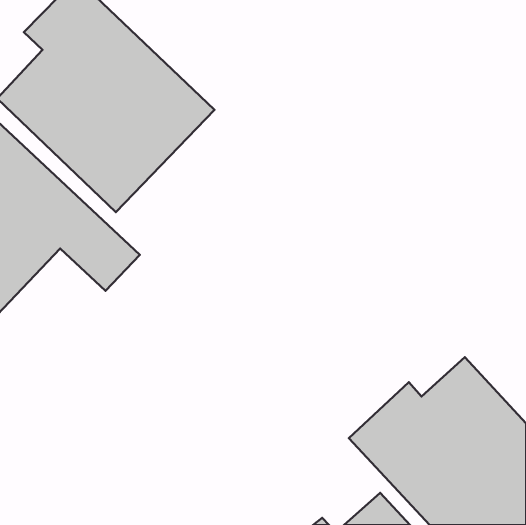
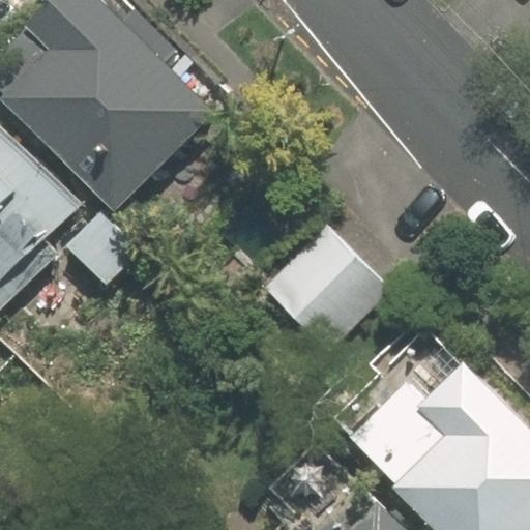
building: none -> [256,224,393,360]

